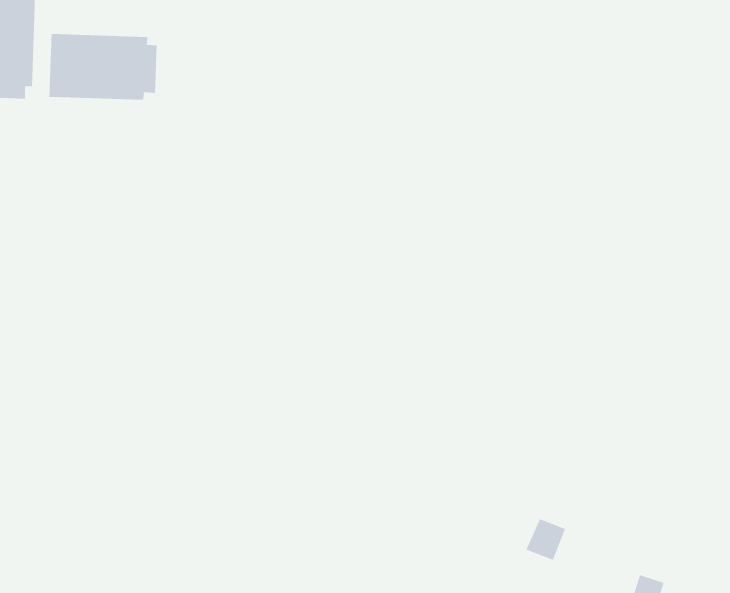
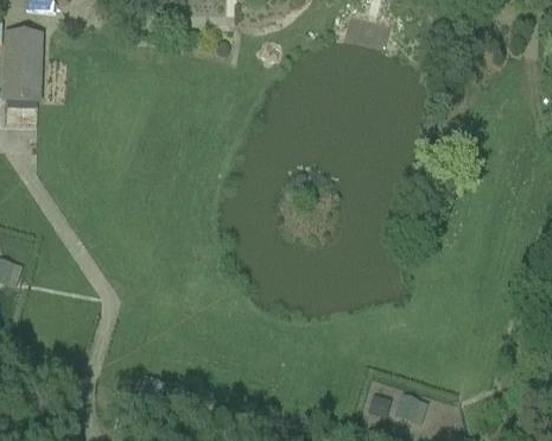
building: [49,33,157,100] -> none

